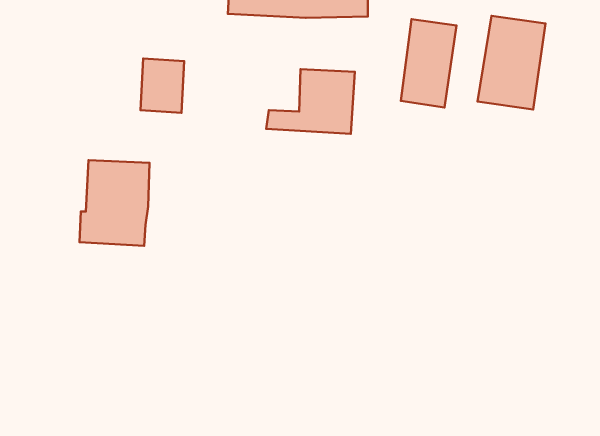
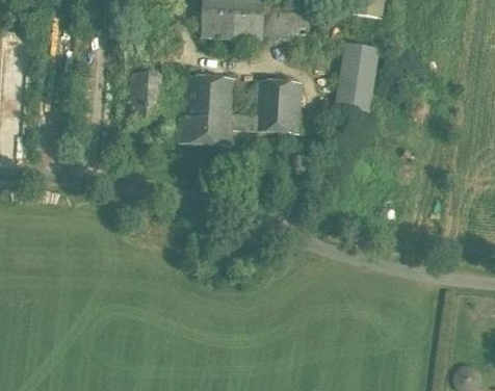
building: [477,16,546,109] -> none
building: [79,160,149,246] -> [178,77,233,145]

